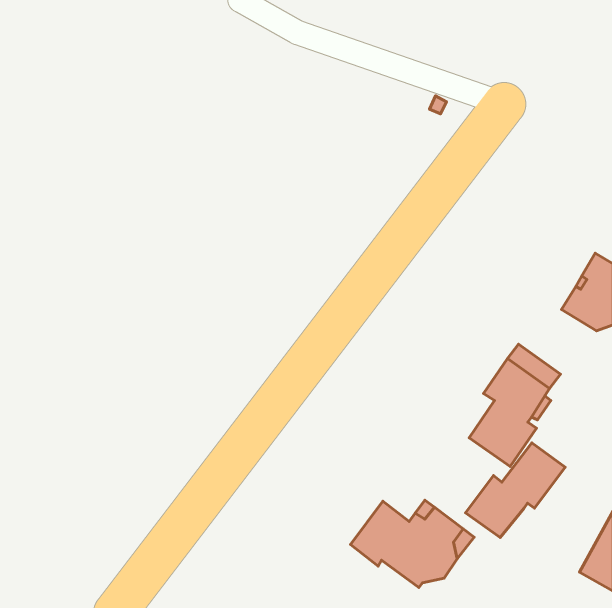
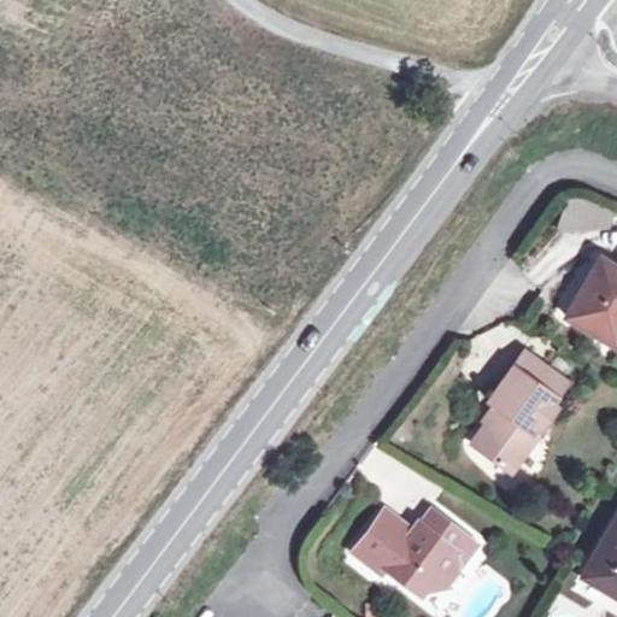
building: [466,443,565,538] -> none

